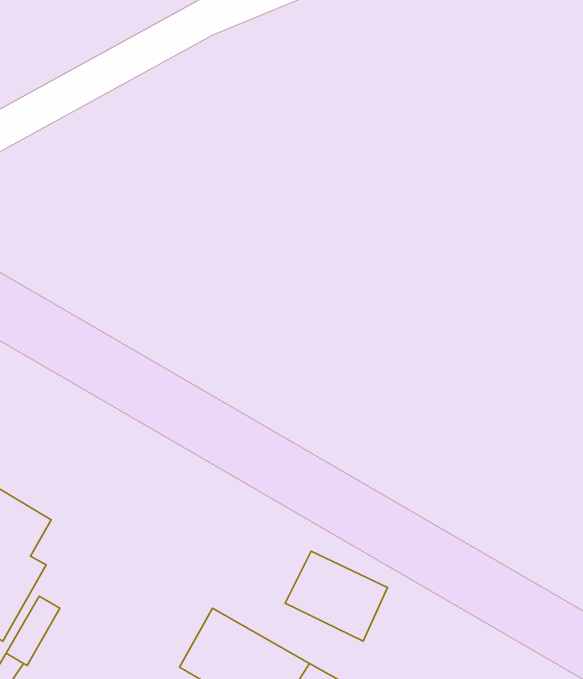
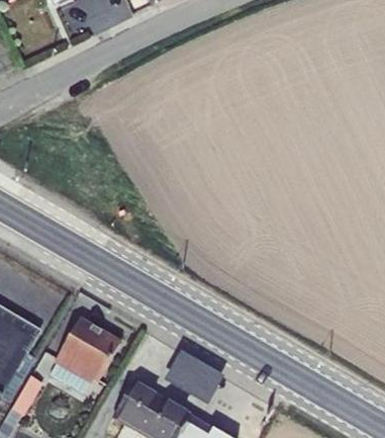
building: none -> [47,316,119,390]

